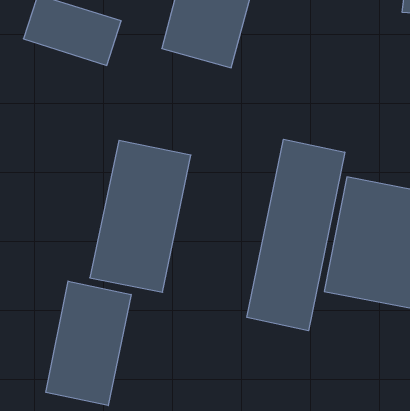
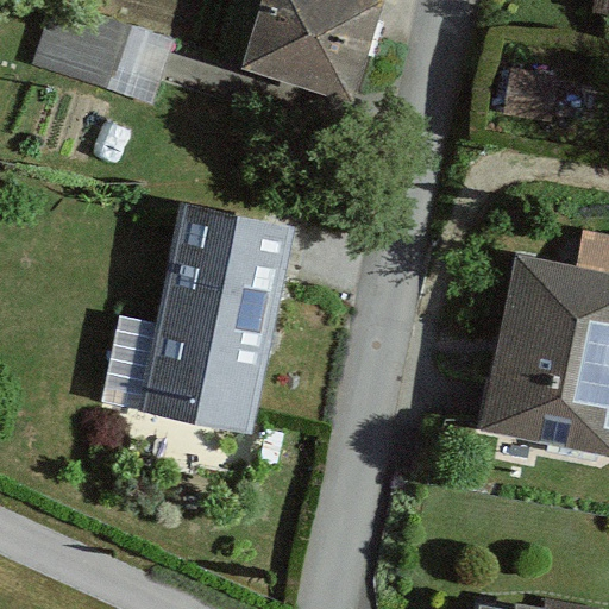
building: [247,139,345,331] -> none
building: [46,281,131,406] -> none

